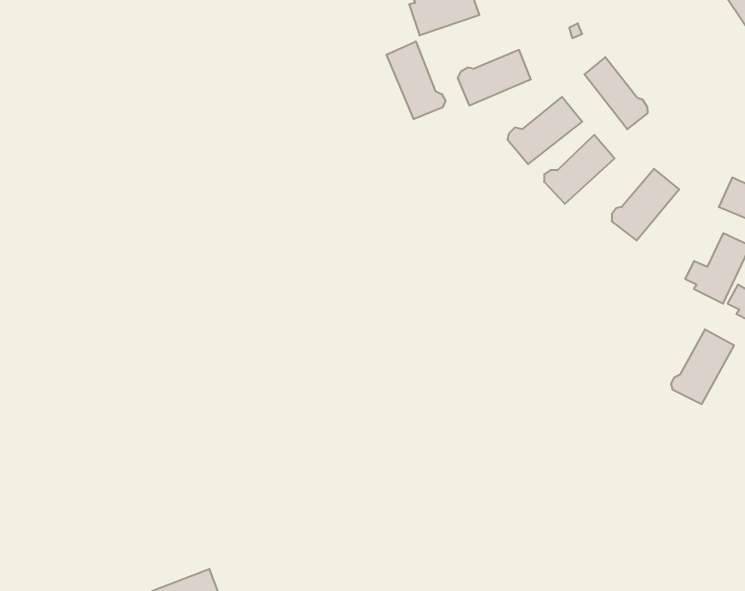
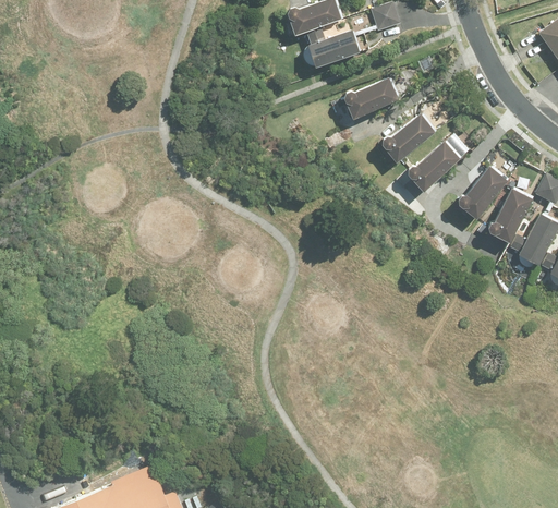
building: [387,41,446,119] -> none
building: [584,57,647,129] -> none
building: [671,329,734,404] -> [486,189,533,244]

